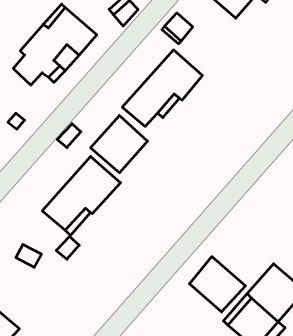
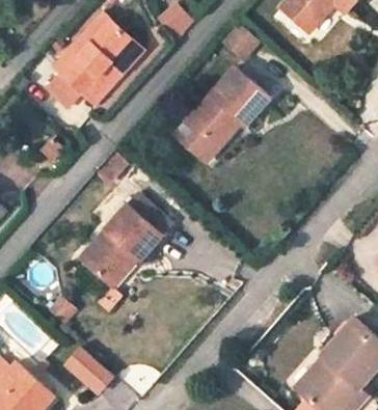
building: [91,115,148,173] -> none
building: [189,257,245,312] -> none
building: none -> [64,345,118,398]

